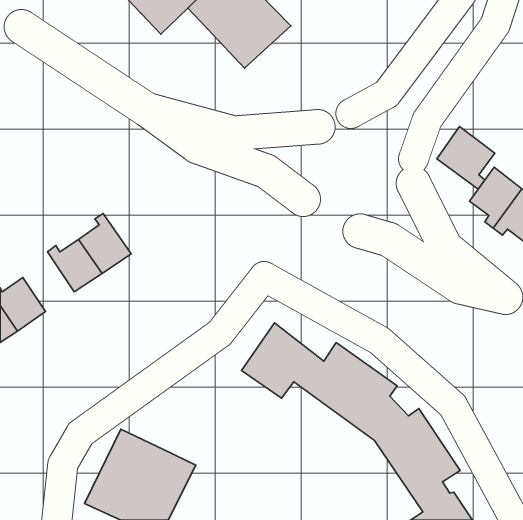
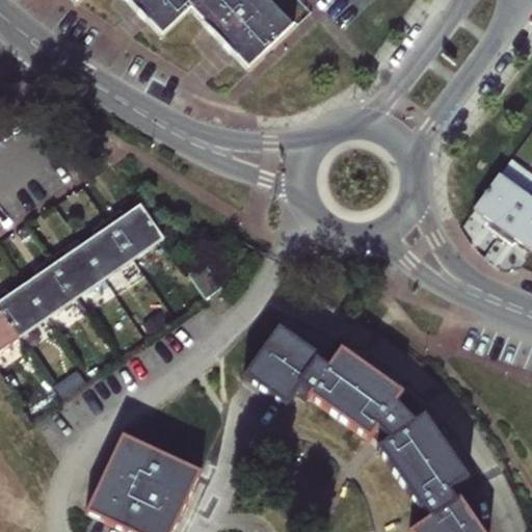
building: [437,127,495,189] -> none
building: none -> [108,201,165,256]
building: none -> [27,254,79,314]

